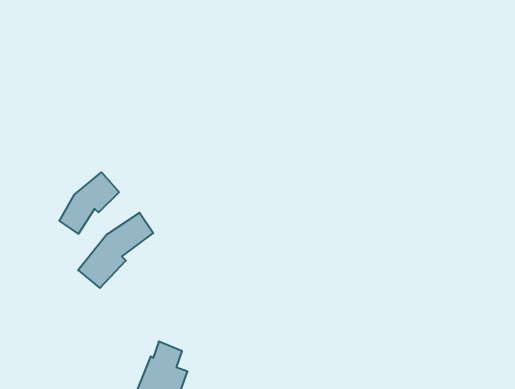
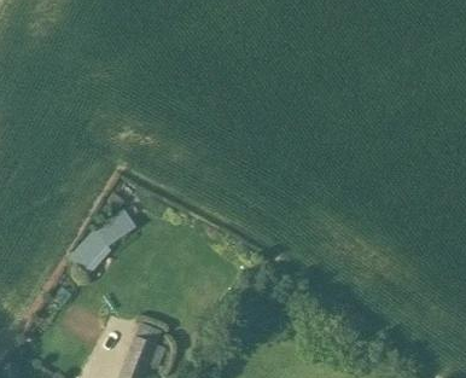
building: [59,172,119,234] -> none

